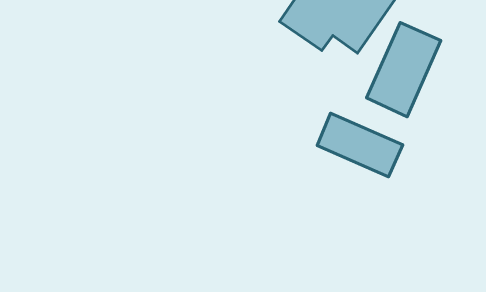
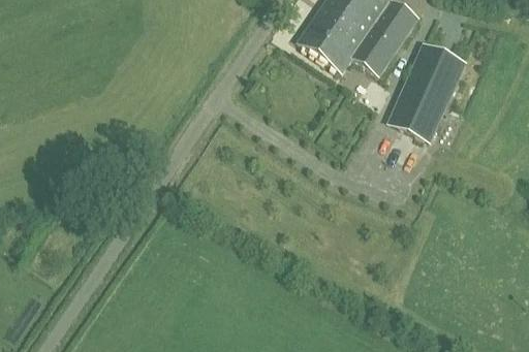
building: [317,113,403,177] -> none

